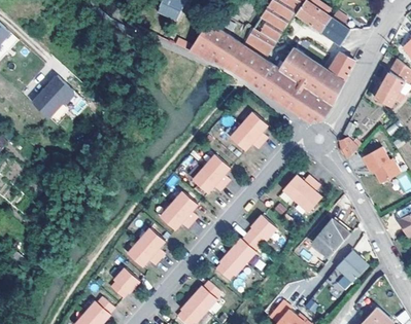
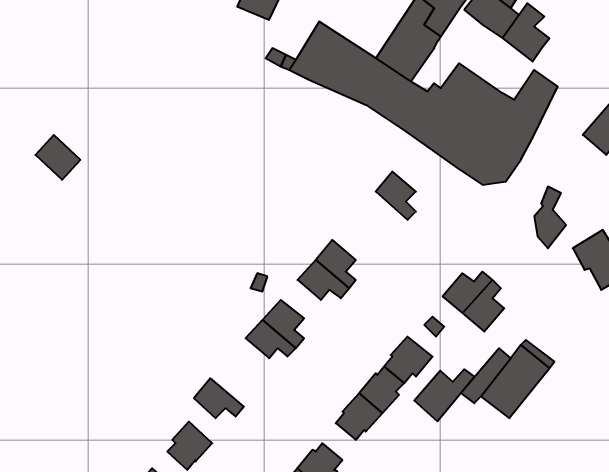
building: [42,75,73,106] -> none
building: [230,125,261,150] -> none
building: [139,228,165,258] -> none
building: none -> [414,369,475,421]
building: [335,251,366,290] -> none

